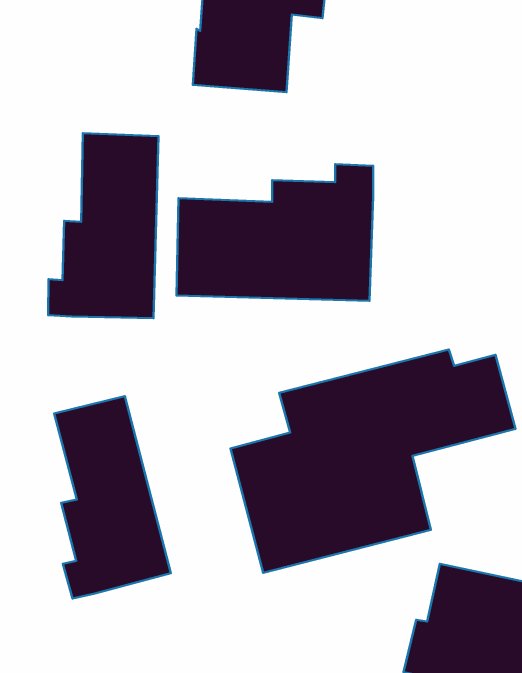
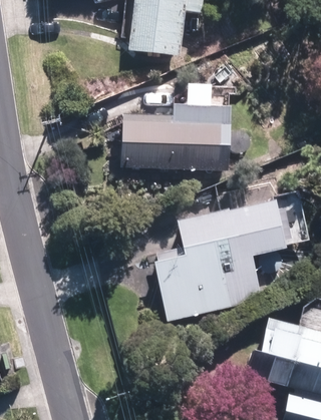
building: [48,133,158,318] -> none
building: [54,396,171,598] -> none

